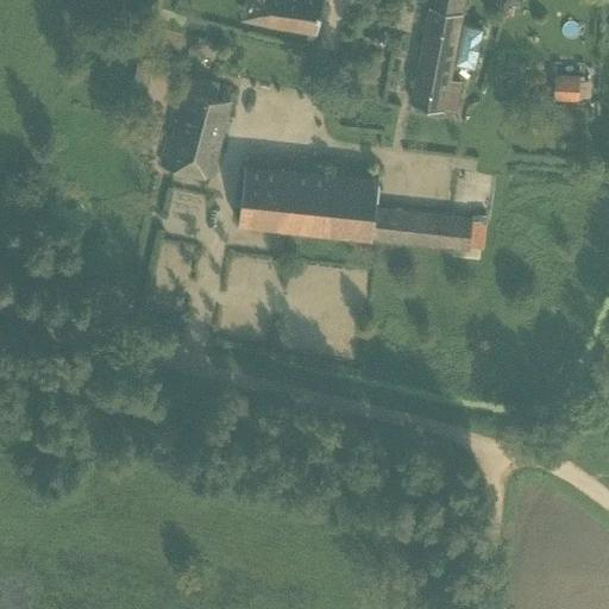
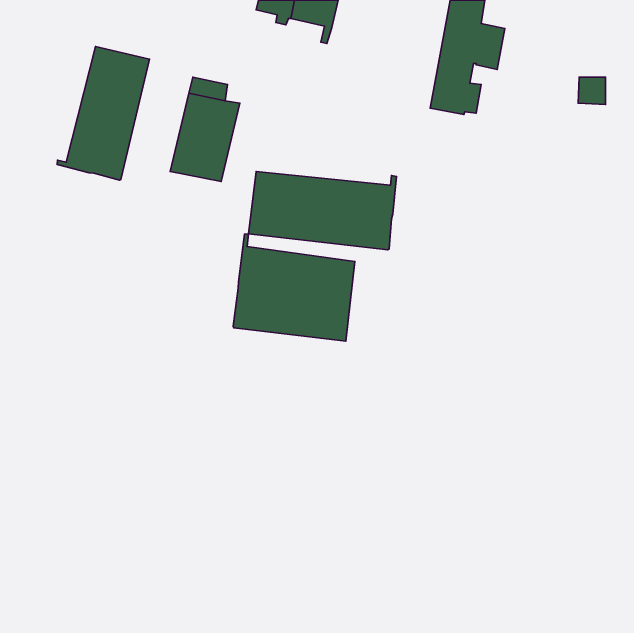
building: none -> [57,47,149,180]
building: [372,207,479,252] -> none
building: none -> [233,234,355,341]

